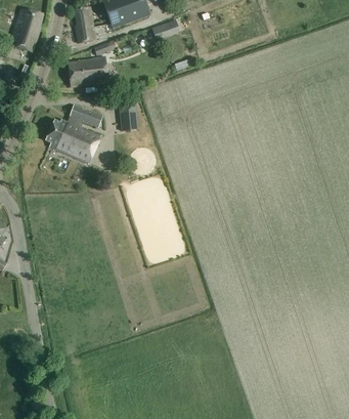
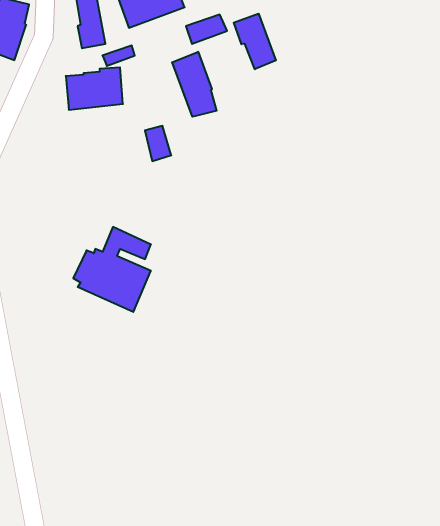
building: none -> [234,14,276,69]
building: none -> [172,52,217,117]
building: [46,103,100,163] -> [73,227,151,312]

